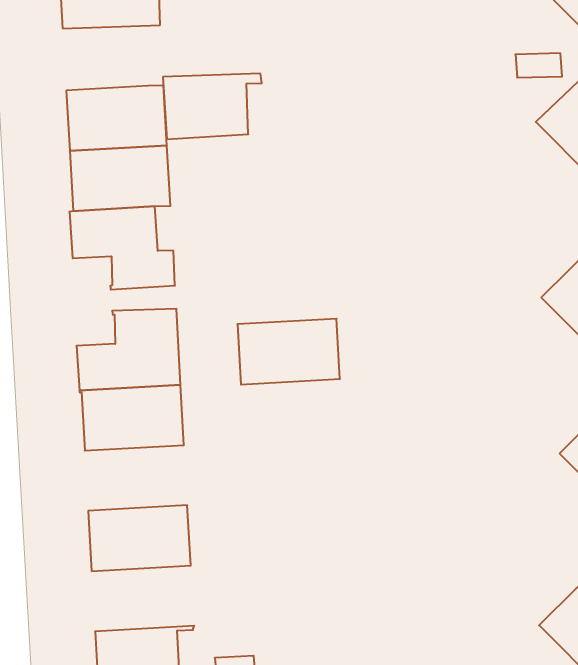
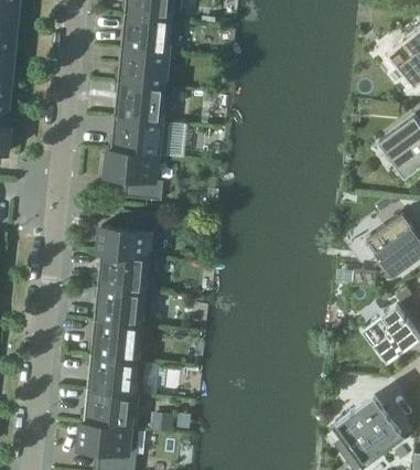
building: [163,74,262,139] -> [117,47,175,87]
building: [237,319,340,385] -> [93,287,152,327]
building: none -> [86,355,146,395]

